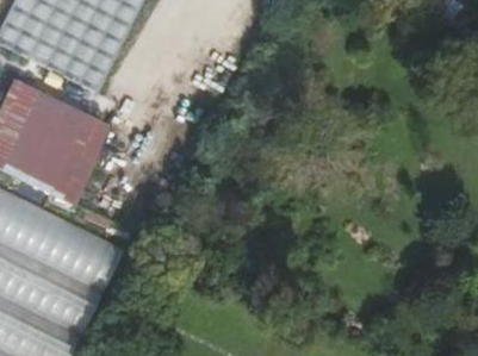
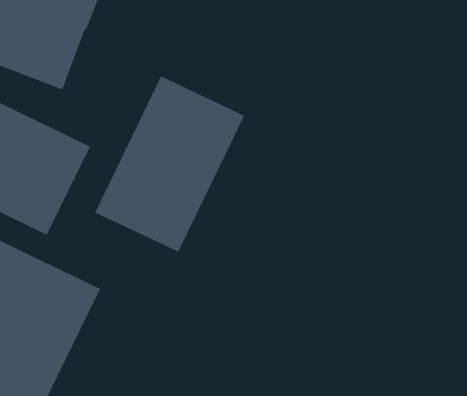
building: none -> [94,76,245,253]

